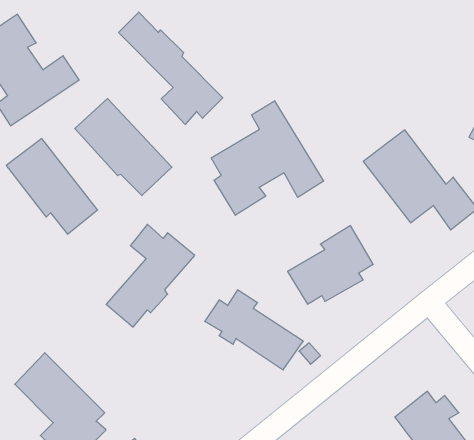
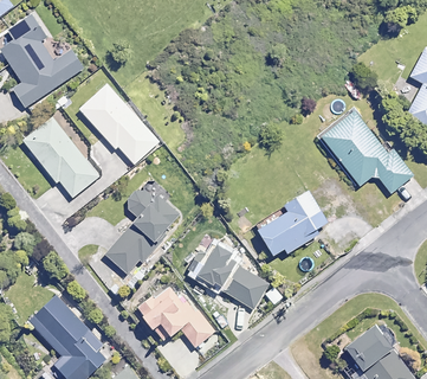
building: [119,12,223,124] -> none
building: [211,101,324,215] -> none
building: none -> [137,280,215,347]

